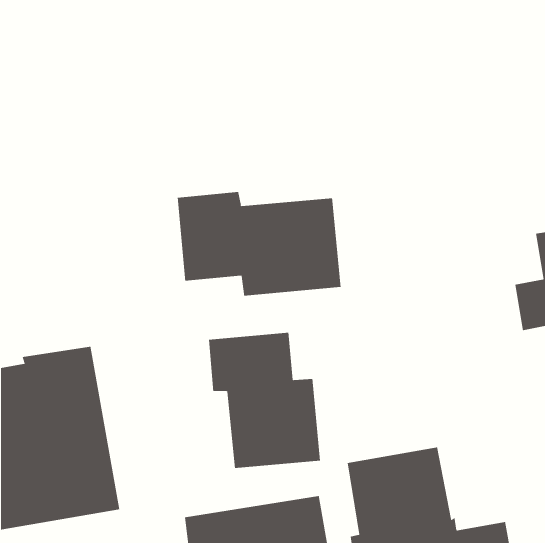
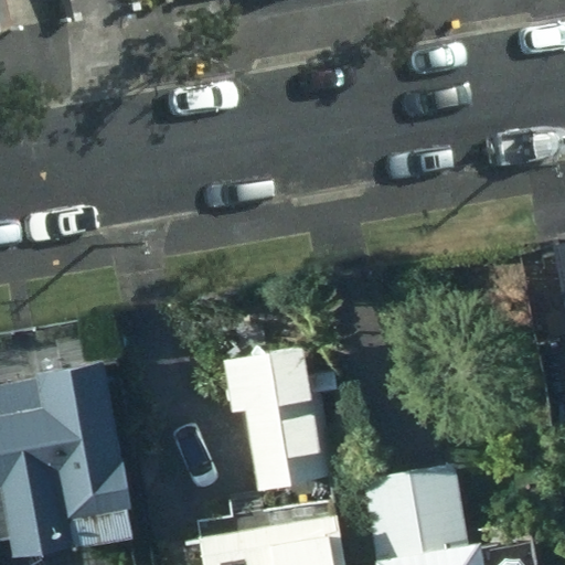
building: [177,191,341,296] -> none

